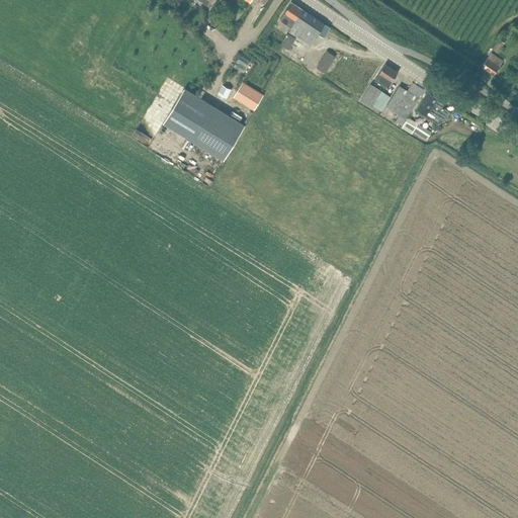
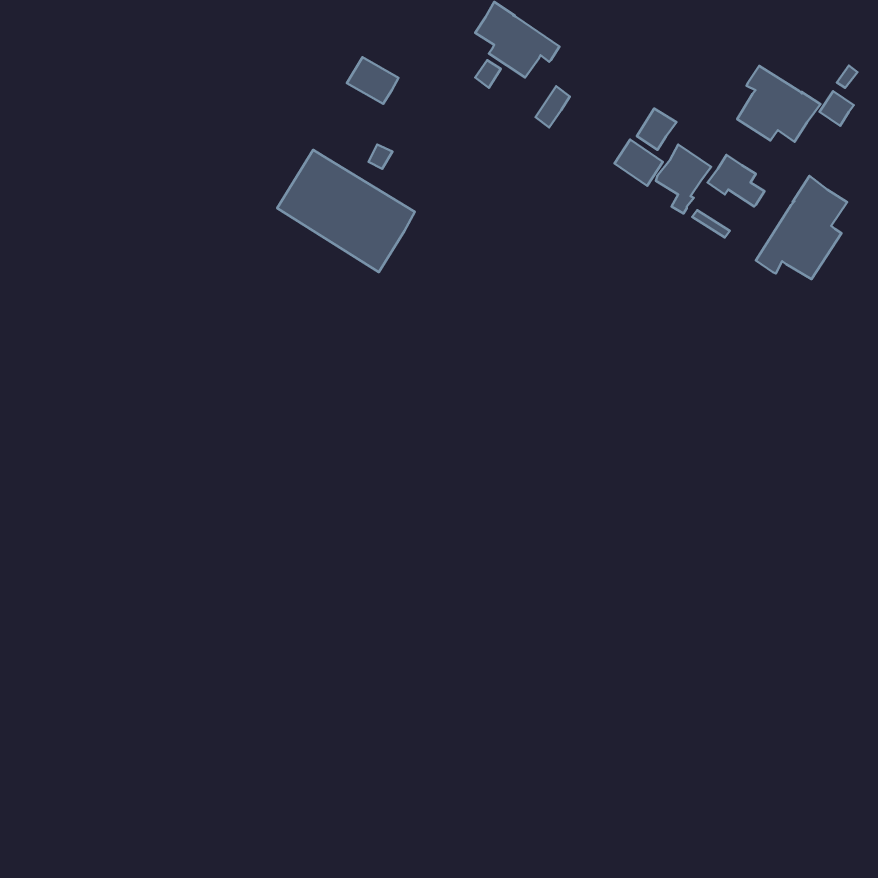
building: none -> [737,66,821,142]
building: [233,83,263,110] -> [347,57,399,104]
building: none -> [756,176,847,279]

